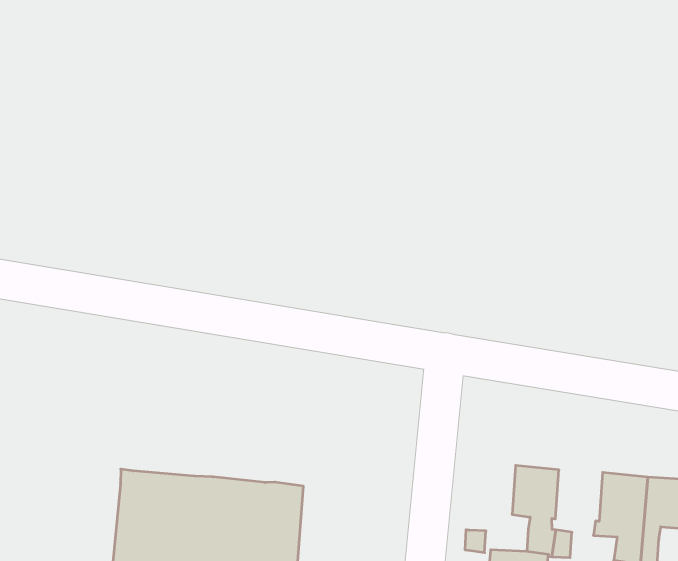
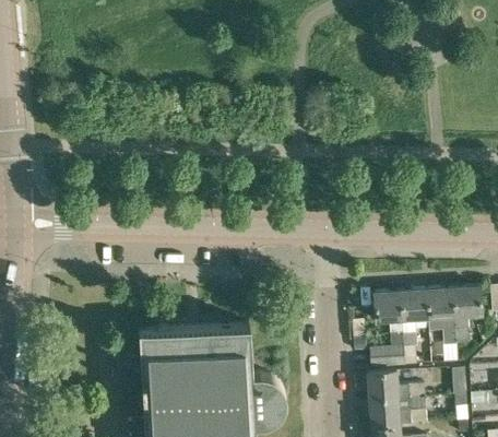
building: none -> [402,292,430,323]

